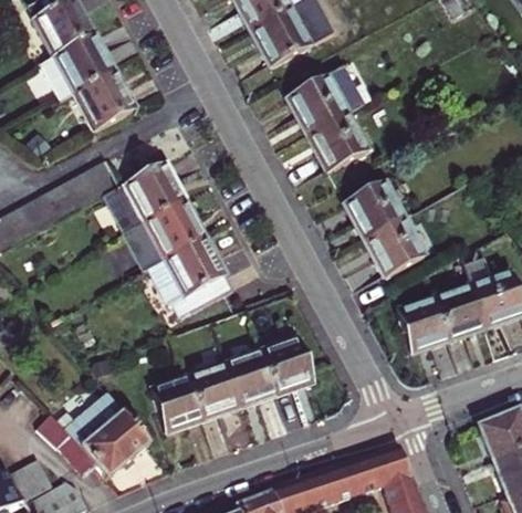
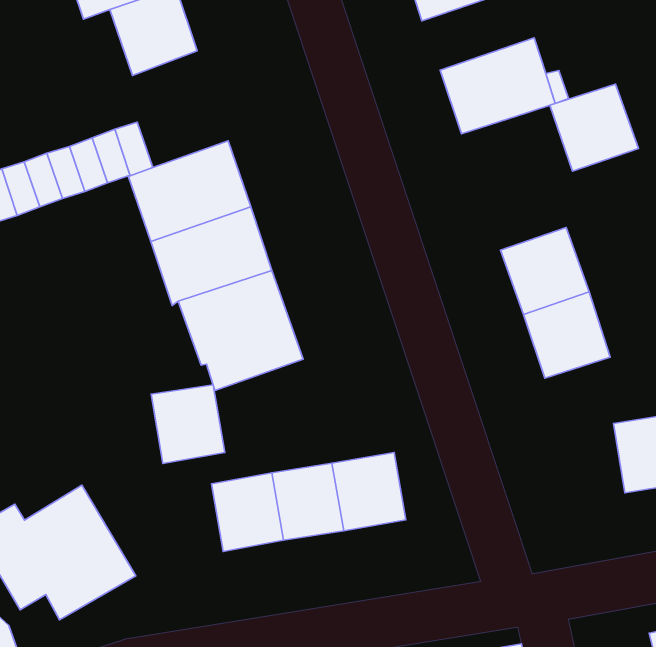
building: [307,113,367,171] -> [550,84,638,171]
building: [395,297,447,353] -> none
building: [150,377,202,431] -> [151,385,225,463]

